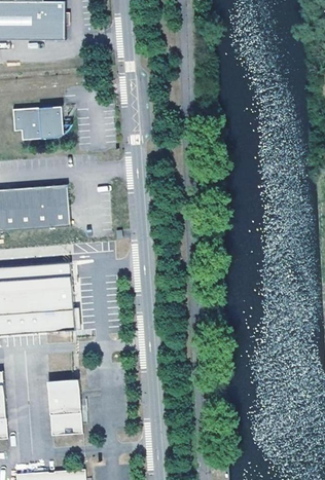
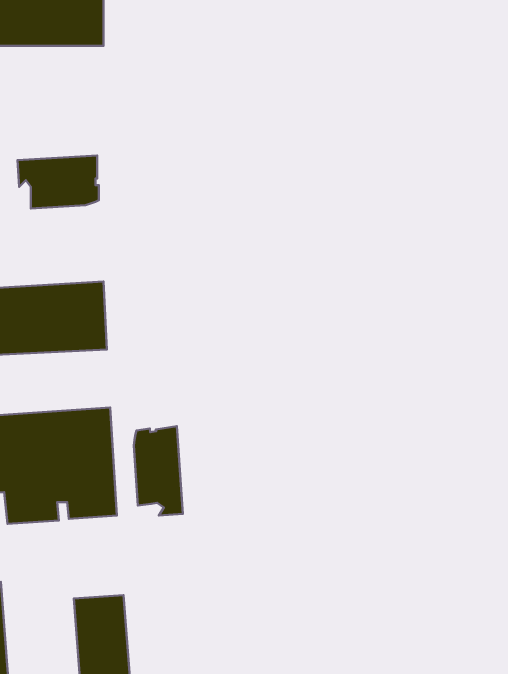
building: none -> [134,426,183,515]

